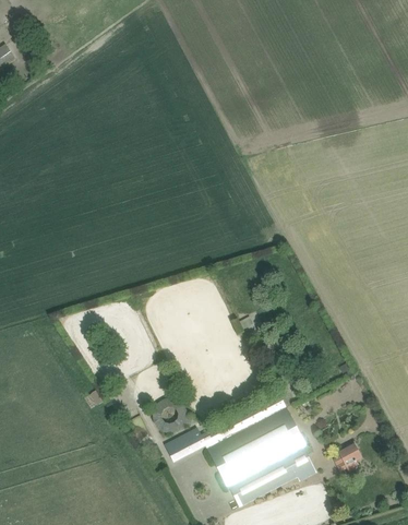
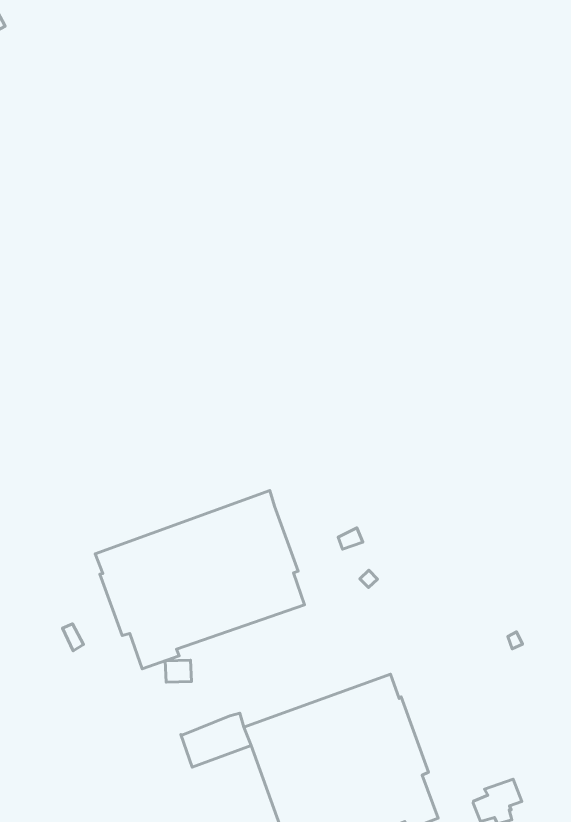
building: none -> [95,491,304,669]

